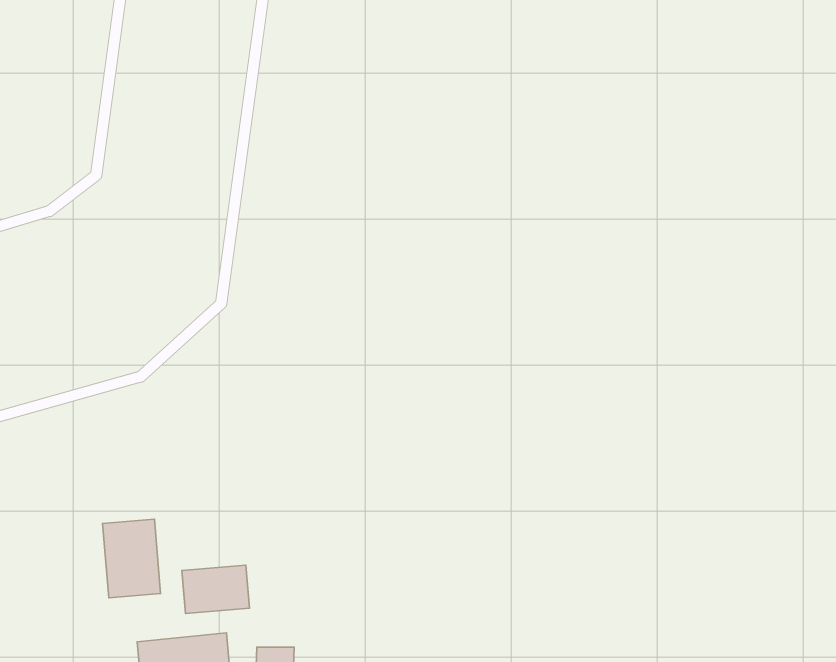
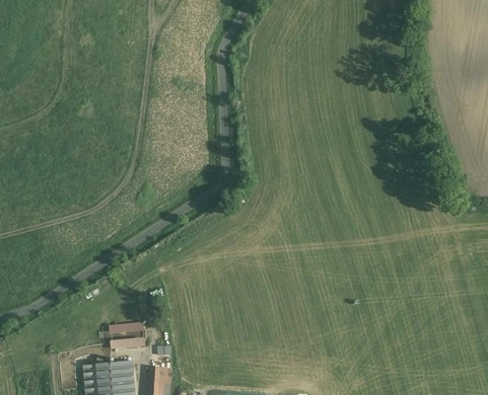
building: [103,519,161,598] -> none

